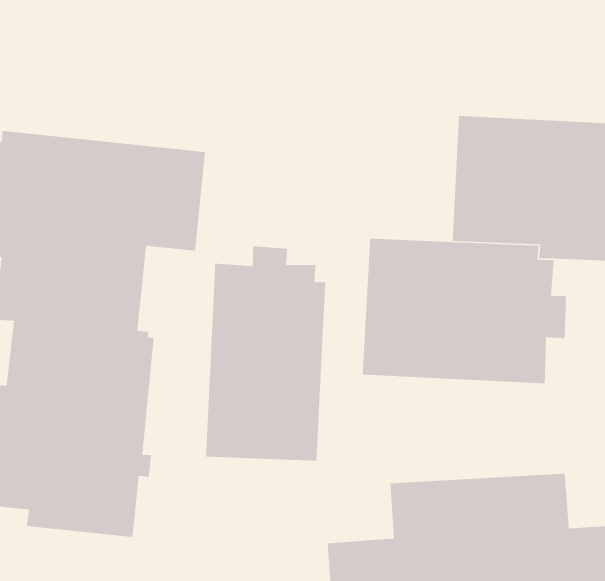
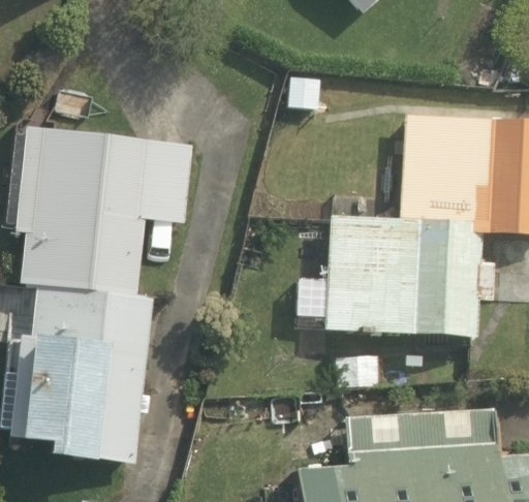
building: [205,246,326,462] -> none

